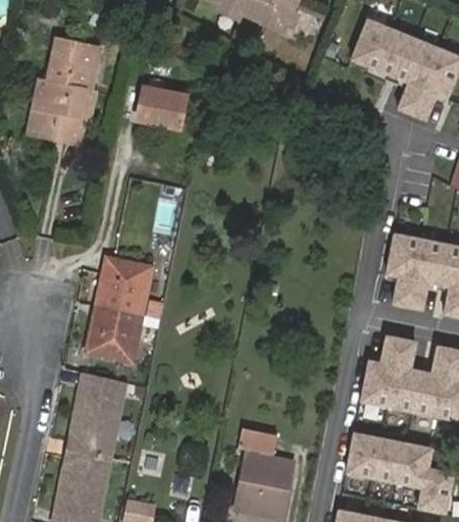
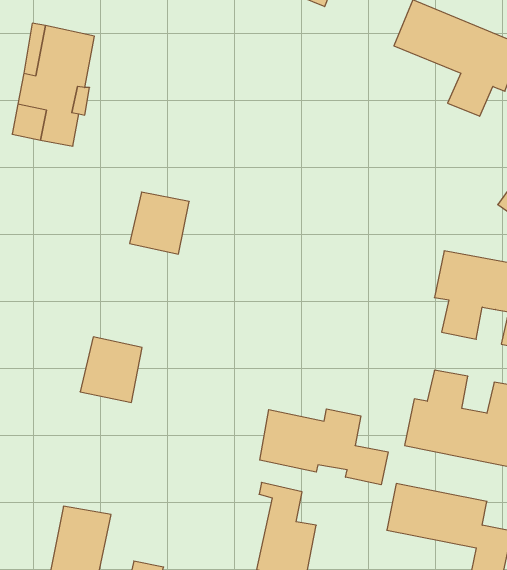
building: [136,88,184,128] -> none
building: [95,263,146,316] -> [130,192,189,254]
building: none -> [260,409,388,485]
building: [69,376,124,459] -> none

